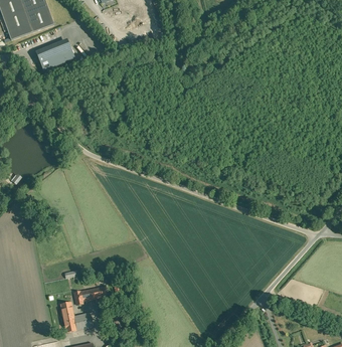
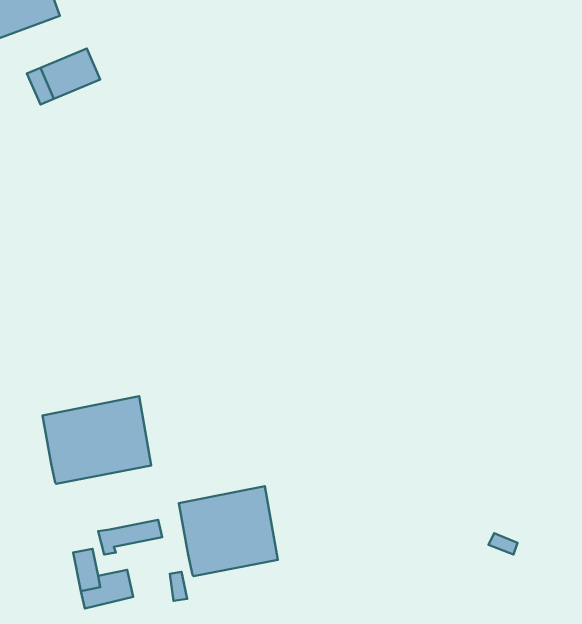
building: none -> [42,396,151,484]
building: none -> [179,486,278,576]

